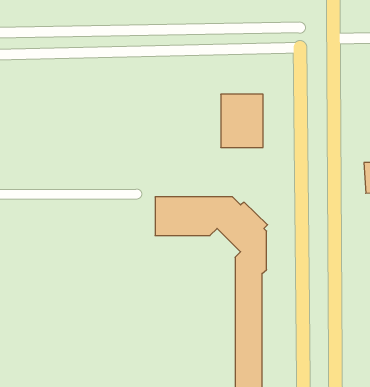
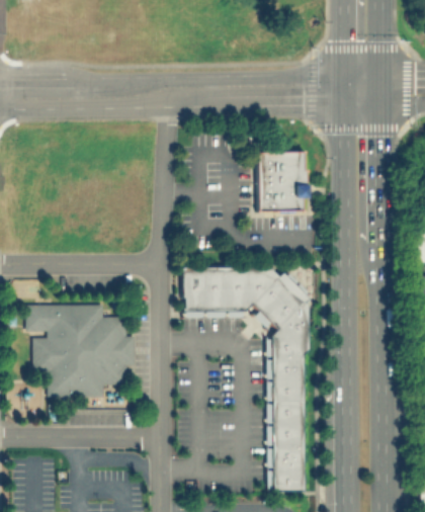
building: none -> [26,305,134,395]

